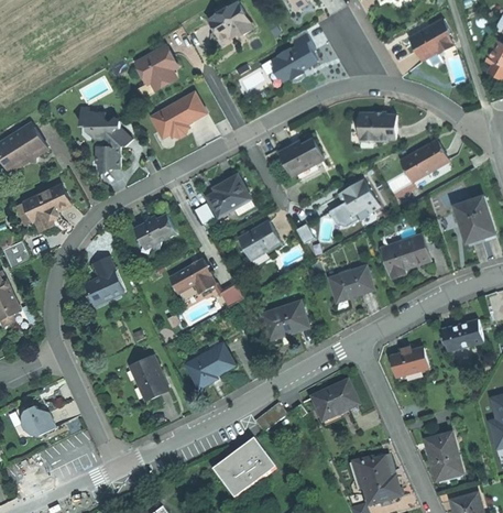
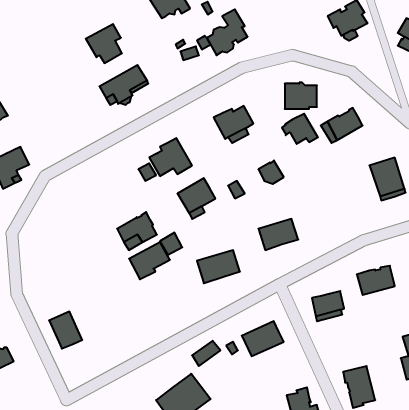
building: [79,112,132,172] -> none
building: [338,179,379,214] -> [282,114,318,144]
building: [135,215,176,248] -> none
building: [382,236,429,277] -> none
building: [85,255,123,305] -> none
building: [186,345,232,386] -> [129,242,170,279]
building: [130,356,167,397] -> [49,312,82,349]

